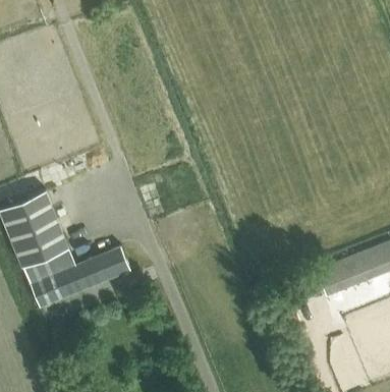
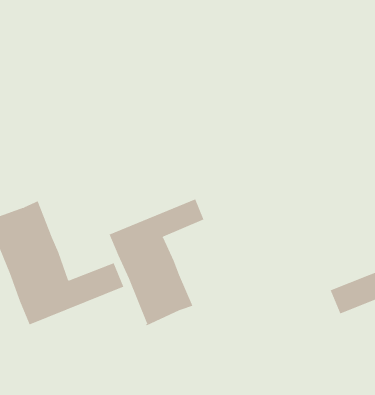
building: none -> [109,198,204,326]

